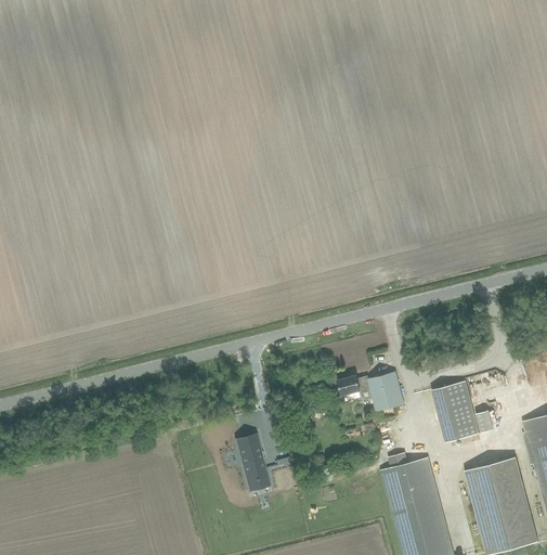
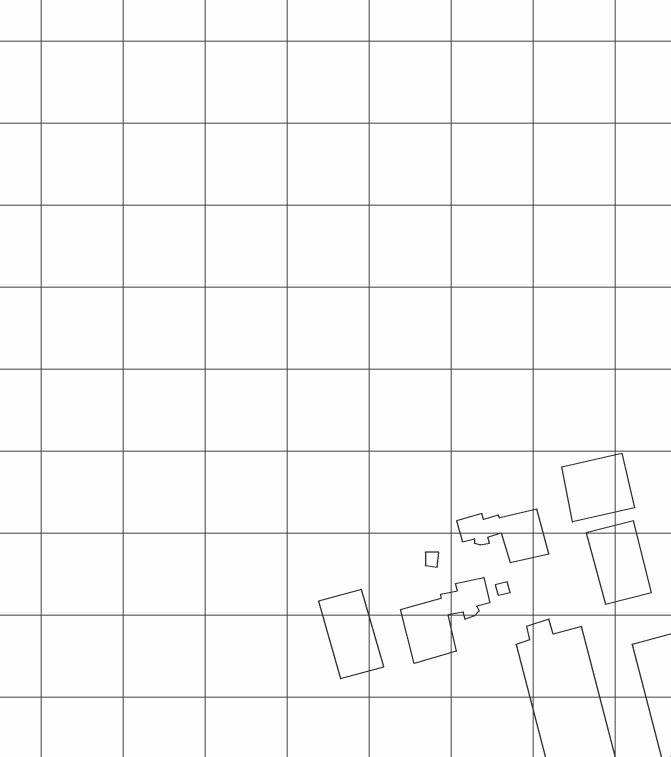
building: none -> [562,453,634,522]
building: none -> [401,577,490,663]

